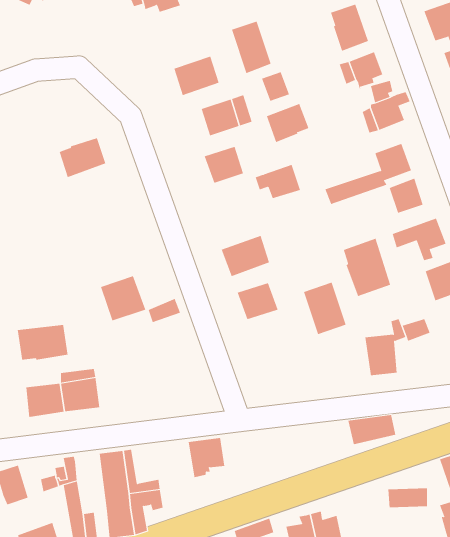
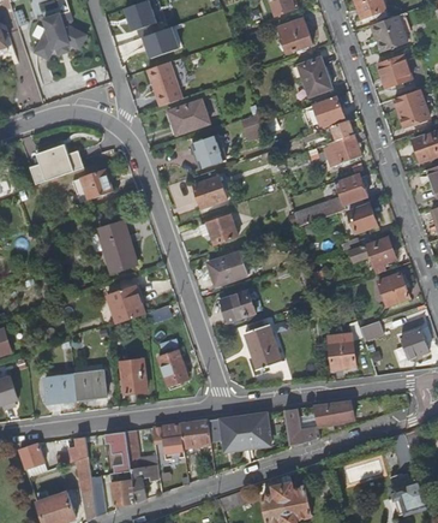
building: [231,21,272,74] -> [148,61,181,106]
building: [266,103,309,143] -> none
building: none -> [31,142,85,183]
building: [255,164,301,199] -> [199,214,238,243]
building: none -> [98,220,136,272]
building: [343,238,391,297] -> none
building: [303,282,346,335] -> [245,323,281,368]
building: [17,324,68,360] -> none
building: none -> [158,349,188,388]
building: none -> [120,358,146,392]
building: none -> [284,408,320,444]
building: none -> [220,411,271,447]
building: none -> [155,423,185,465]

